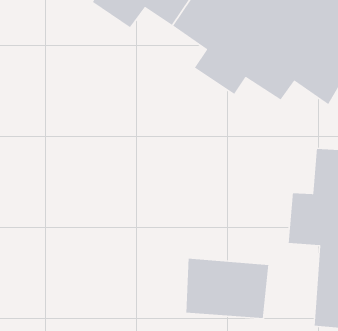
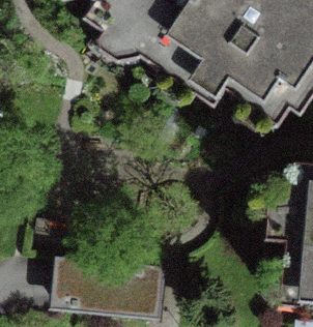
building: [185,258,269,319] -> [68,257,145,313]

